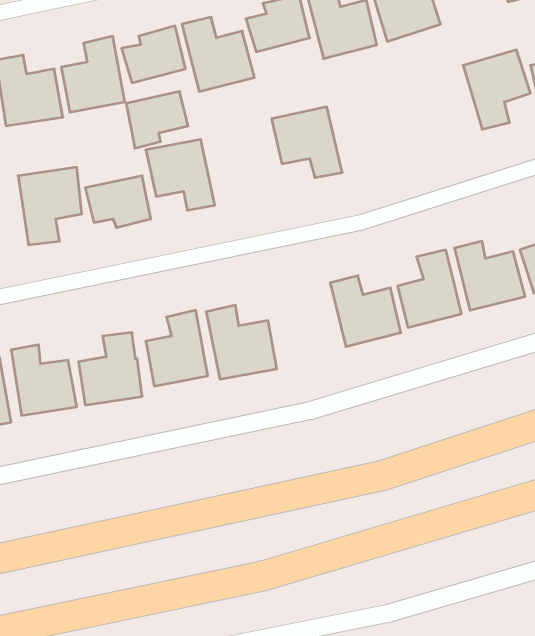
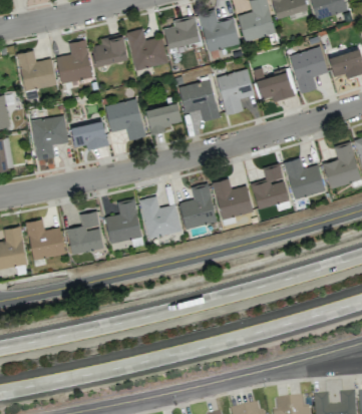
building: none -> [253,68,296,102]
building: none -> [217,69,255,116]
building: [126,91,188,148] -> [146,102,183,135]
building: none -> [179,183,217,229]

